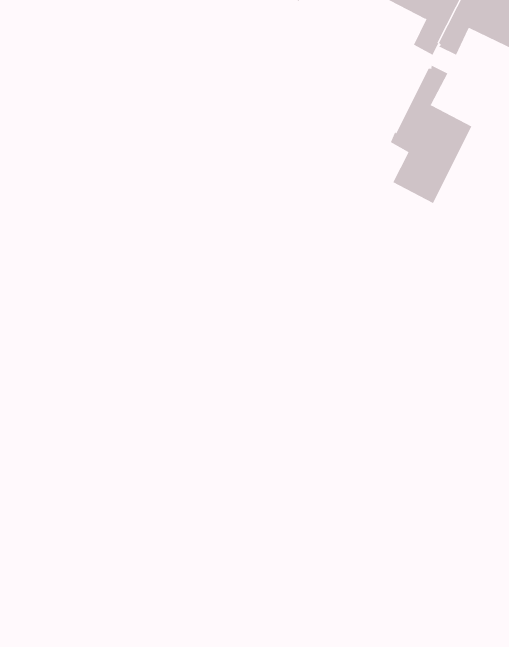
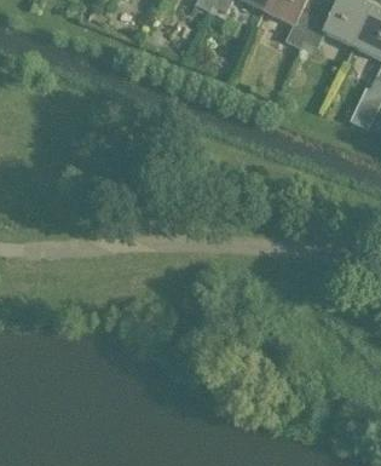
building: [390,65,472,204] -> none

